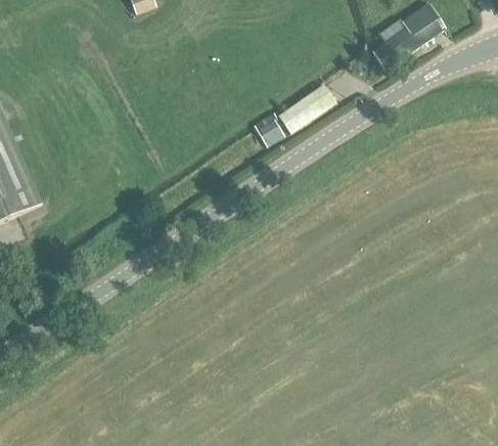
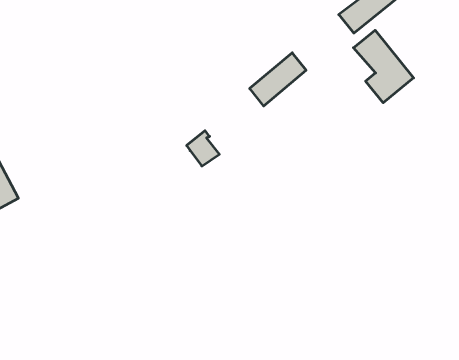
building: none -> [353,30,414,103]
building: [252,112,283,146] -> [187,131,219,166]

